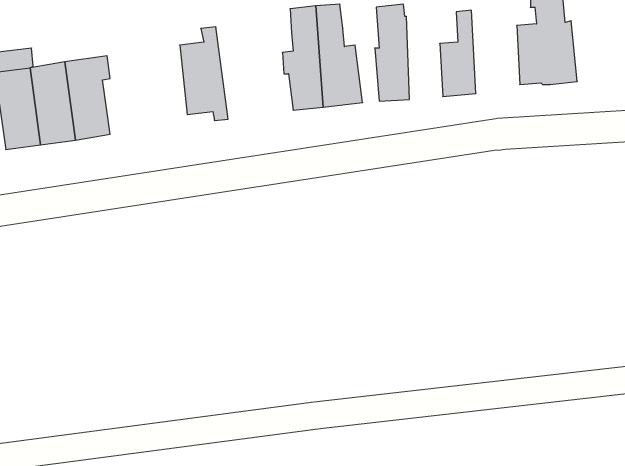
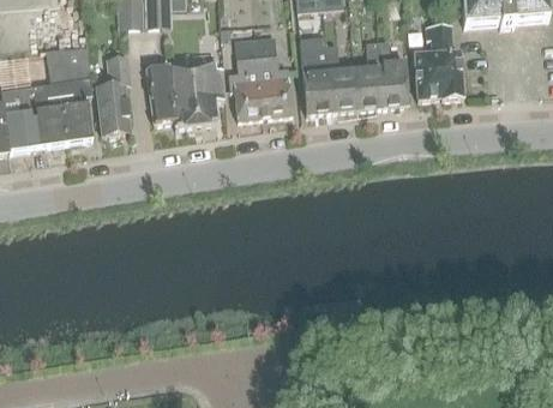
building: none -> [379,41,408,107]
building: none -> [327,44,356,112]
building: none -> [48,48,90,82]
building: none -> [176,53,224,127]
building: none -> [97,55,132,137]

